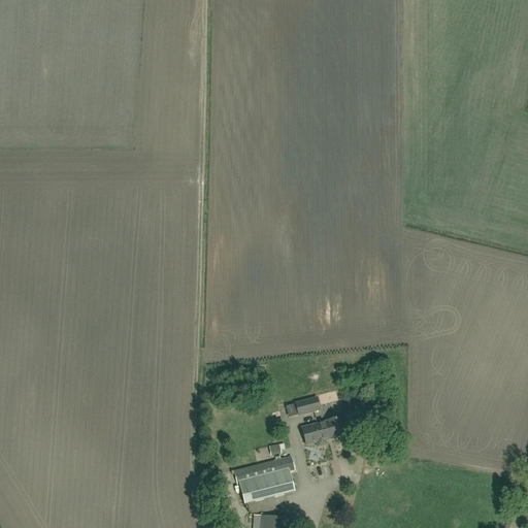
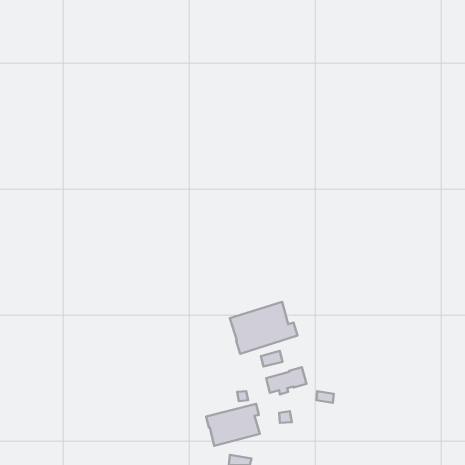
building: none -> [230,302,298,354]

